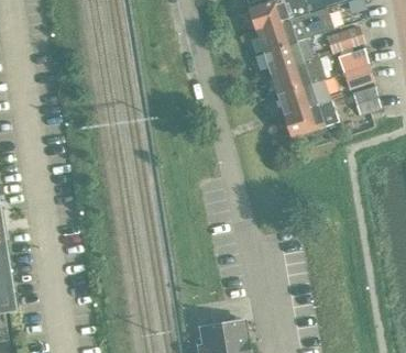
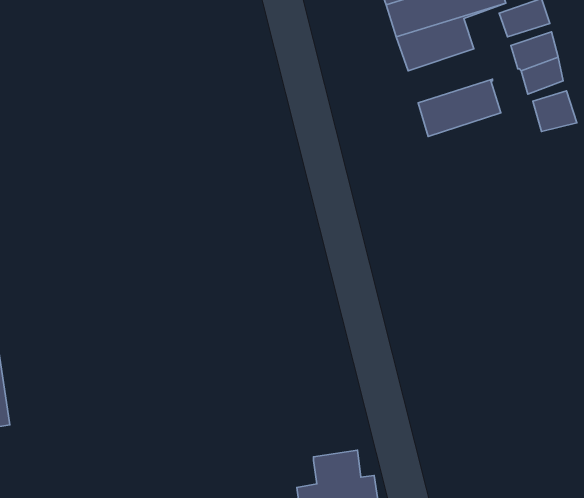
building: [270,57,325,93] -> none
building: [283,100,337,136] -> none

